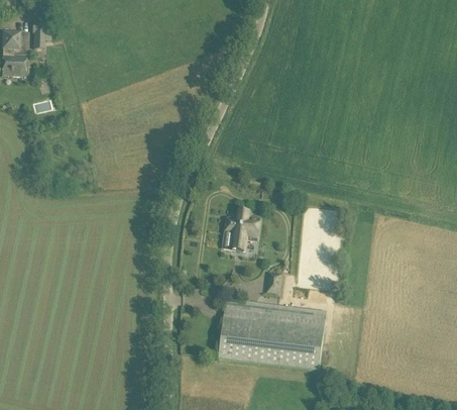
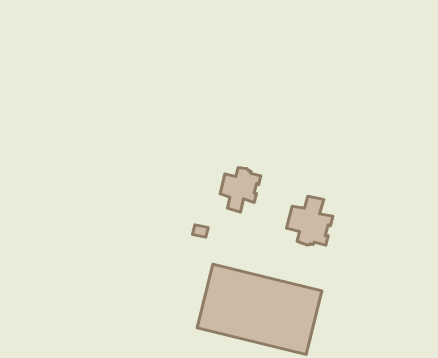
building: none -> [286,196,333,245]

